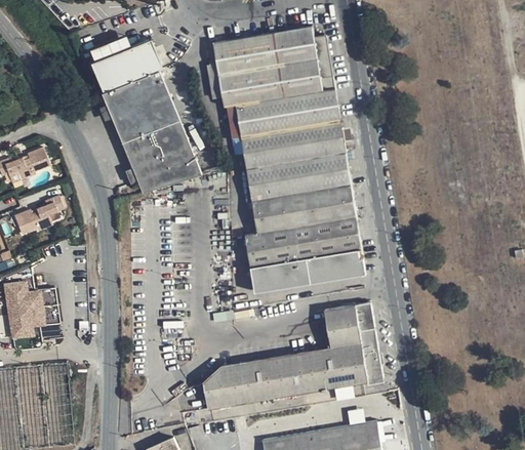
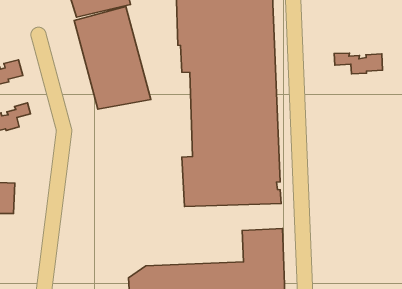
building: none -> [334,53,383,74]

